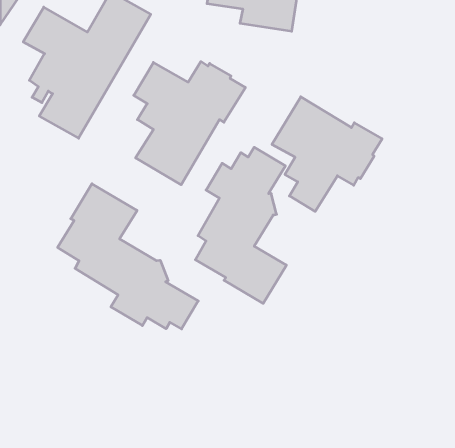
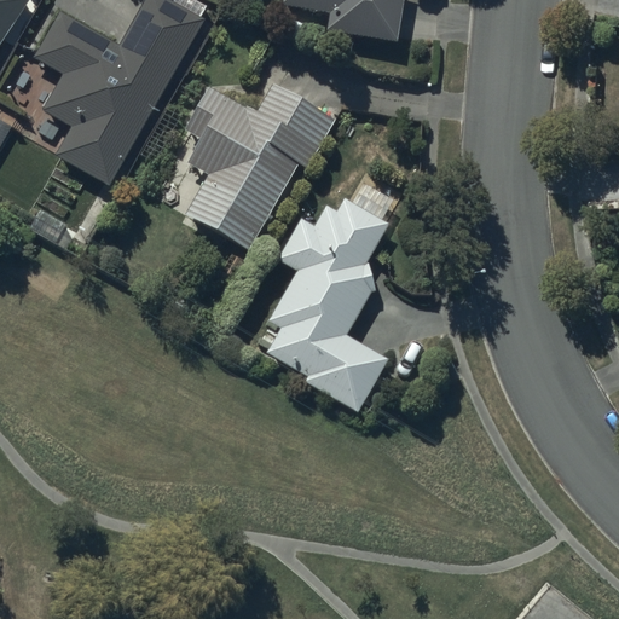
building: [272,97,382,211] -> none
building: [58,184,198,329] -> none

